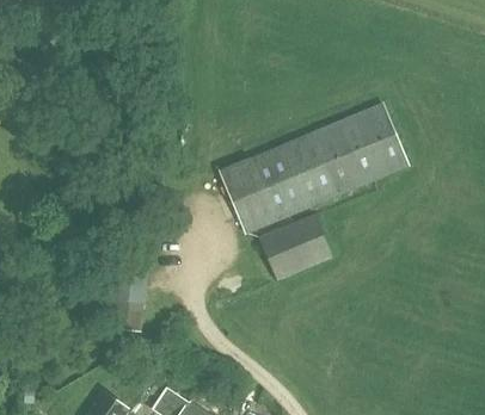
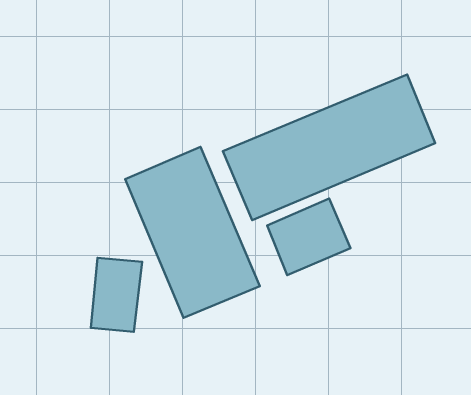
building: none -> [125,147,260,318]

